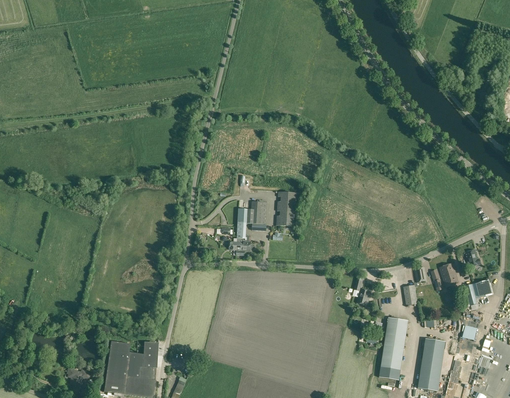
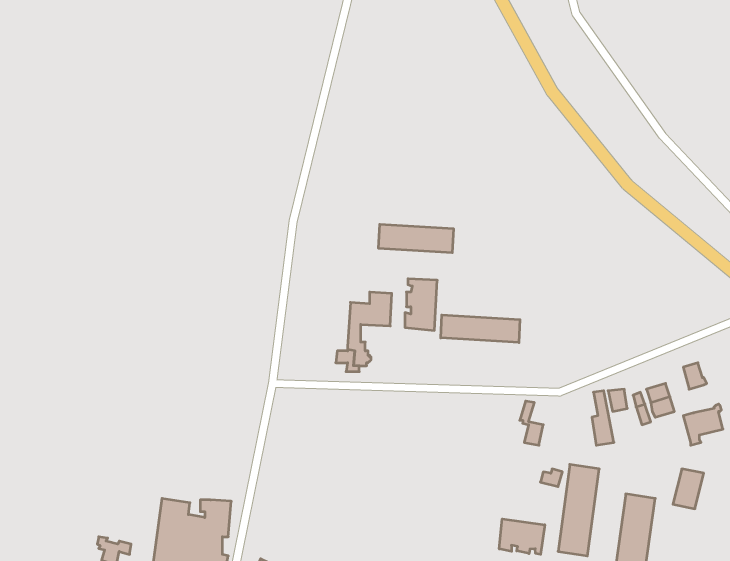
building: none -> [379,224,453,253]
building: none -> [441,315,520,343]
building: none -> [499,519,545,554]

